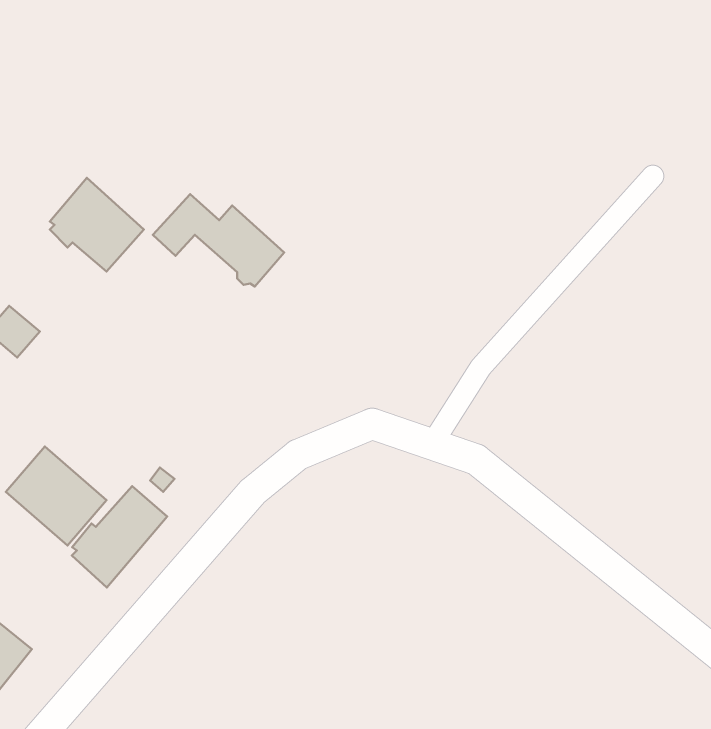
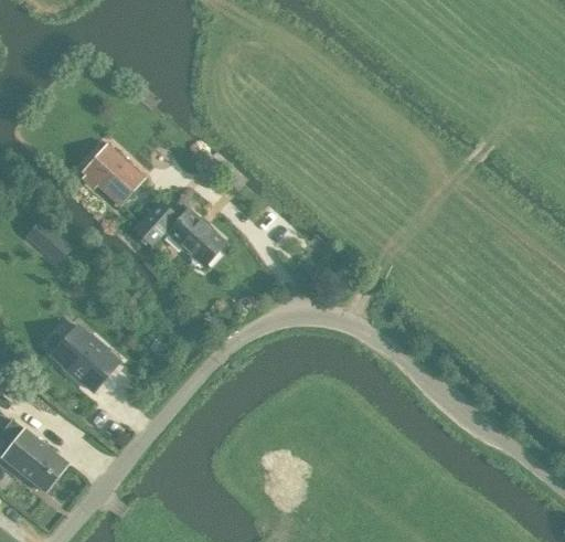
building: [153,194,284,287] -> [135,202,224,265]
building: [72,486,167,588] -> none

